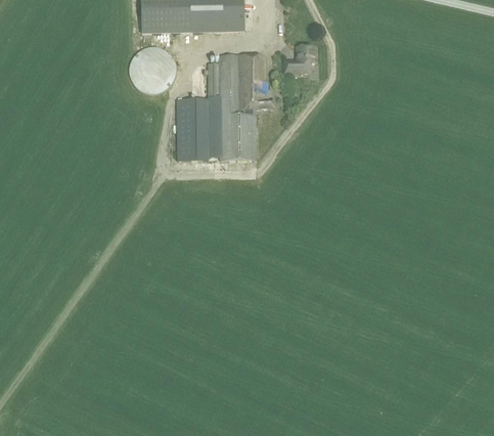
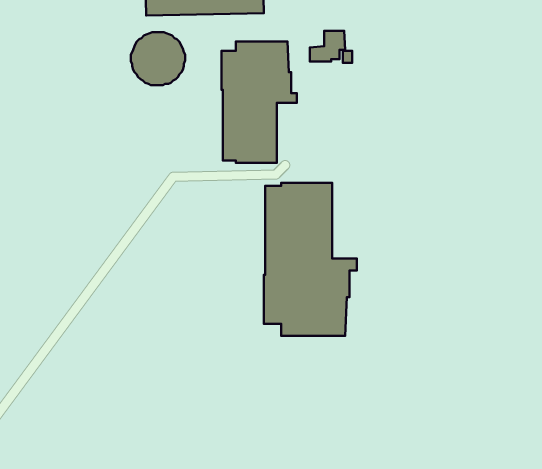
building: [175,98,205,159] -> none
building: none -> [264,183,357,336]

